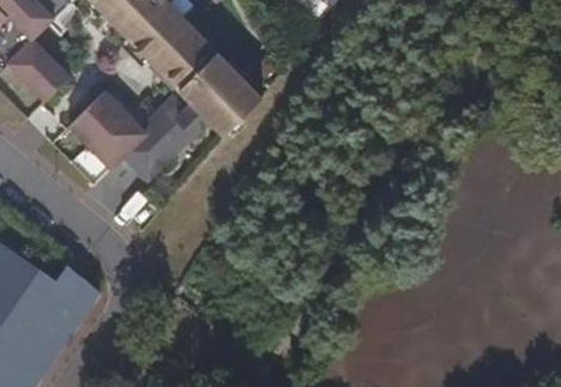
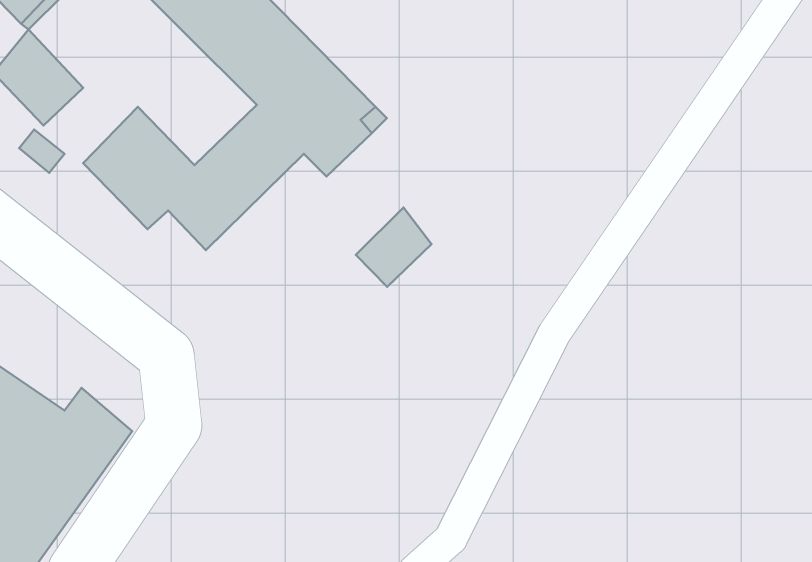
building: none -> [356,208,431,287]

